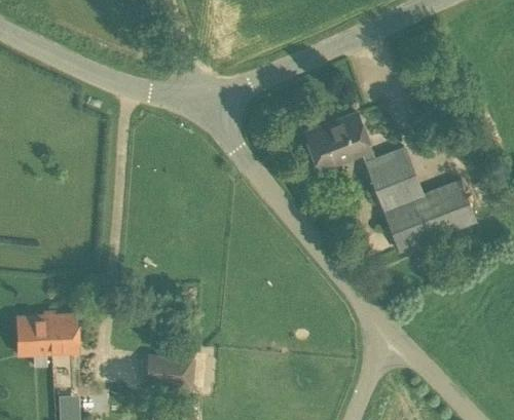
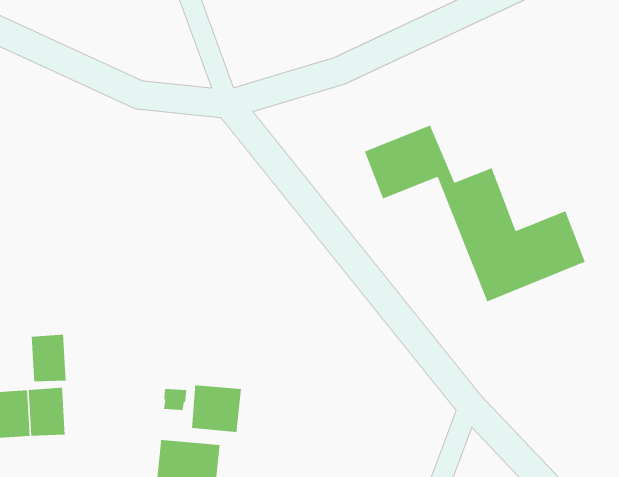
building: none -> [31,334,66,382]
building: none -> [191,384,242,433]

